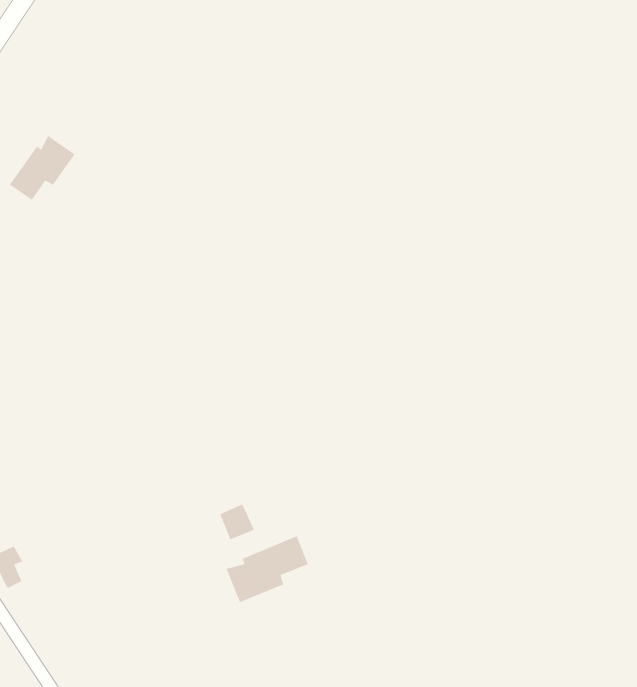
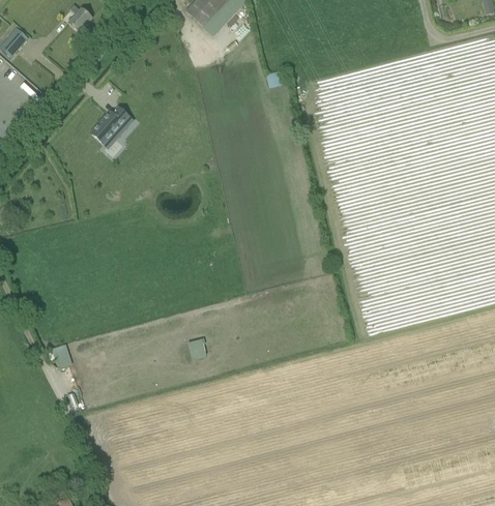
building: [226,535,309,603] -> none

